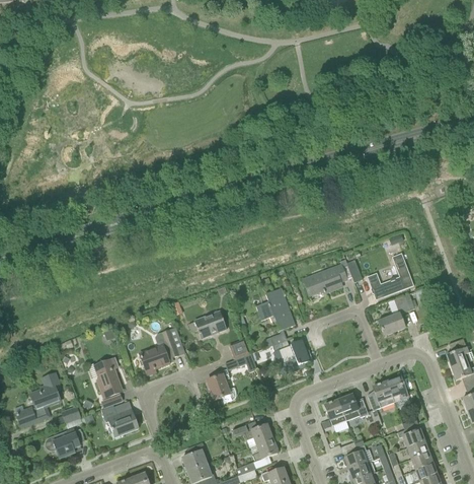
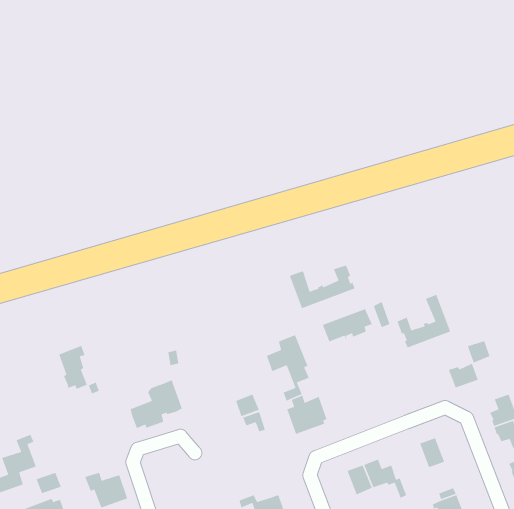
building: none -> [289,264,355,309]
building: [378,293,414,335] -> [448,340,491,389]
building: [193,308,226,338] -> none
building: [94,357,120,396] -> [58,345,88,390]
building: [207,368,235,402] -> none
building: [367,381,394,425] -> none

